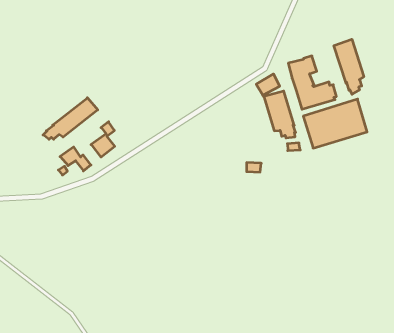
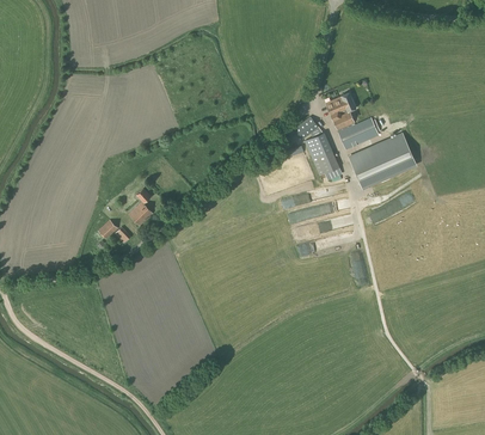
building: [334,39,364,94] -> none
building: [43,98,98,139] -> none

